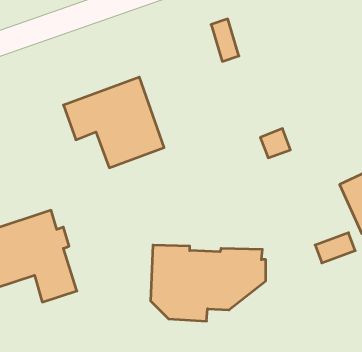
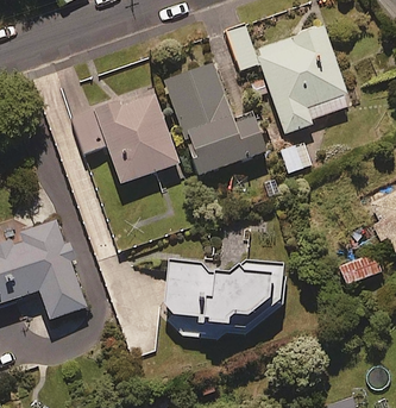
building: none -> [256,26,351,133]
building: none -> [164,62,266,174]

